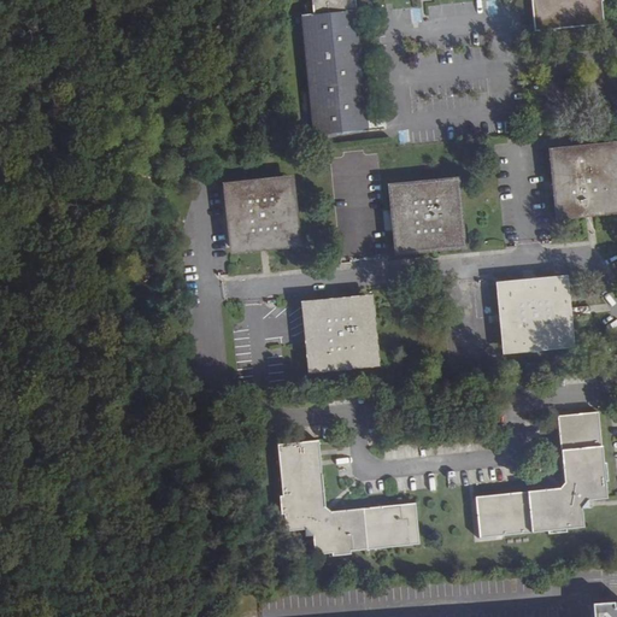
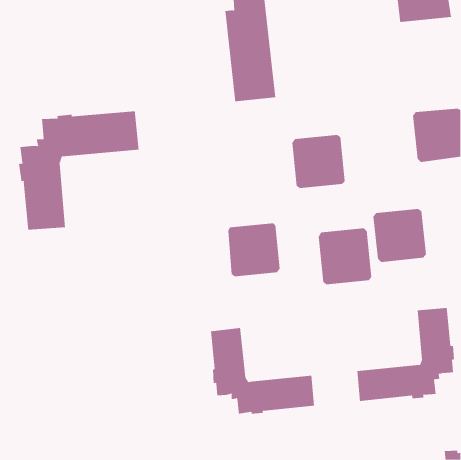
building: none -> [19,111,139,231]
building: [225,178,298,251] -> none
building: none -> [318,228,372,285]

